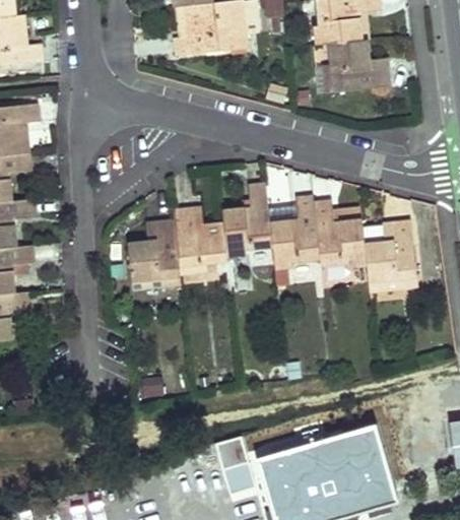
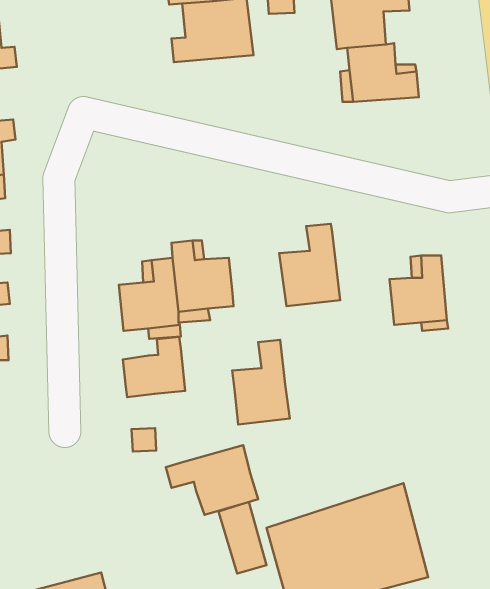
building: [222,182,272,255] -> [232,340,290,424]
building: [314,200,366,266] -> none
building: none -> [123,337,185,397]
building: none -> [166,445,258,515]

